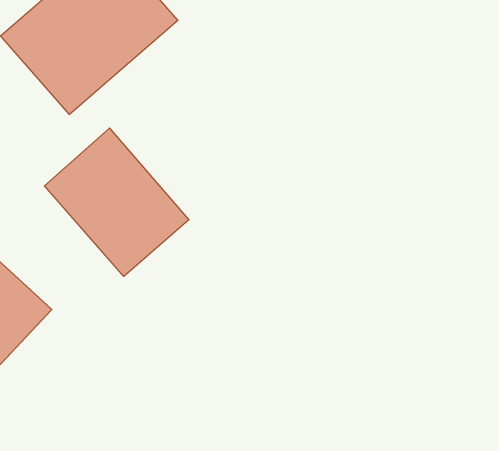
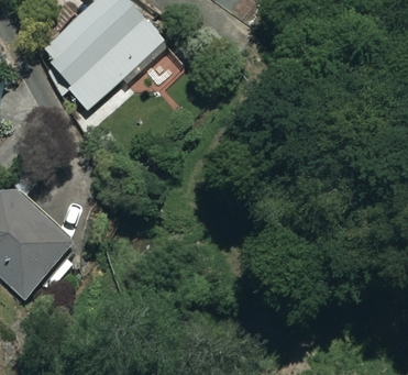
building: [45,128,189,276] -> none

